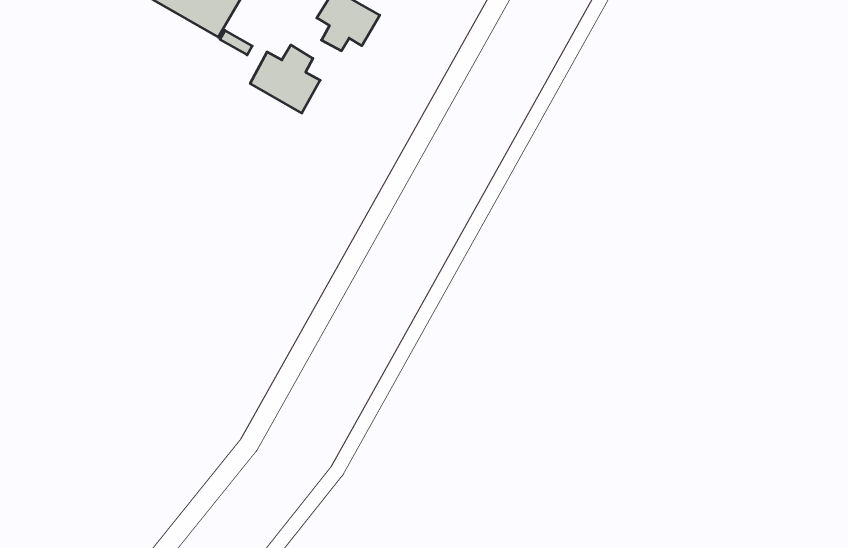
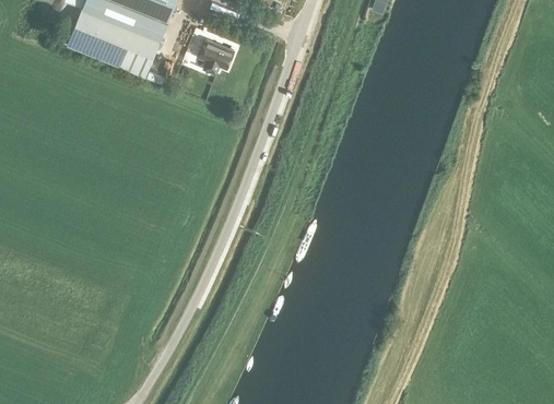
building: [250,45,320,113] -> none

